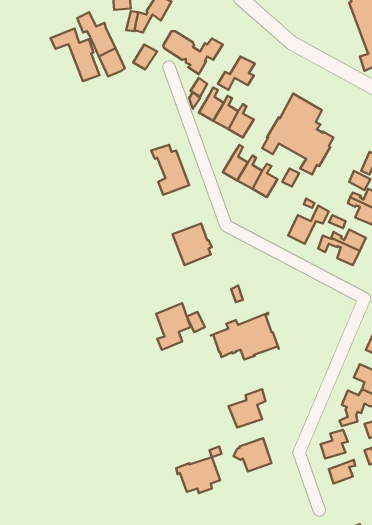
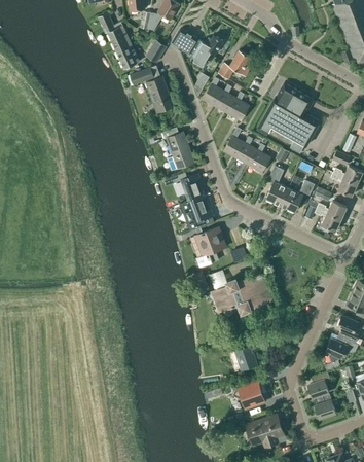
building: [51,29,100,81] -> [130,67,172,112]
building: none -> [265,166,288,205]
building: none -> [171,172,205,201]
building: [156,303,191,350] -> [195,226,225,266]
building: [176,457,220,493] -> [245,415,283,446]

